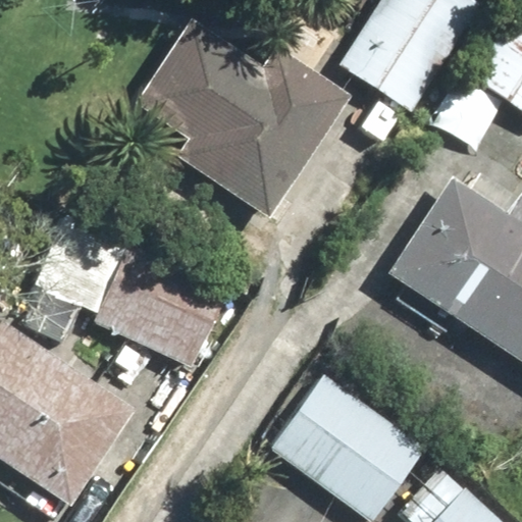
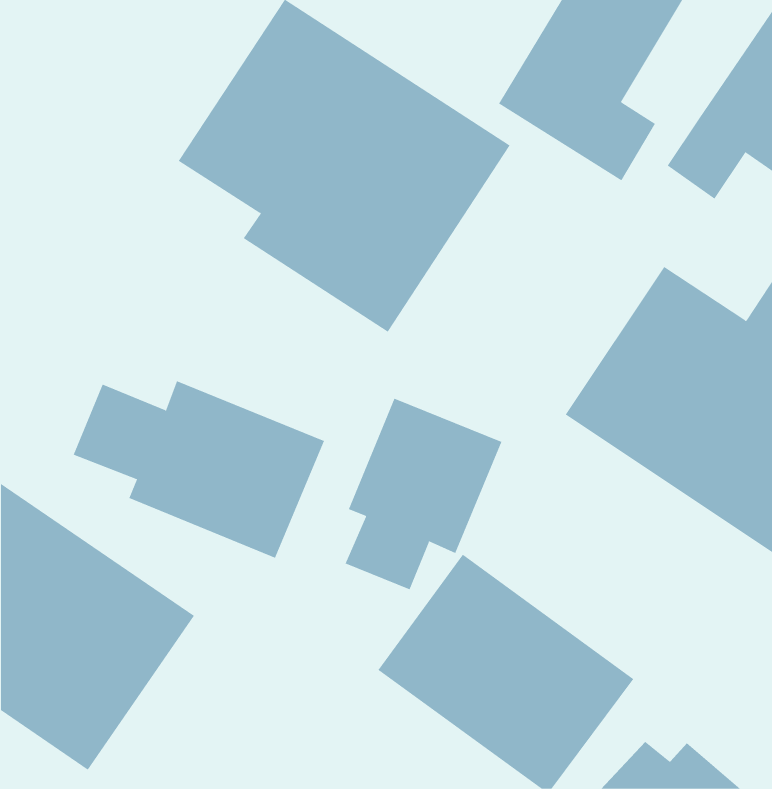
building: none -> [345,398,502,590]

